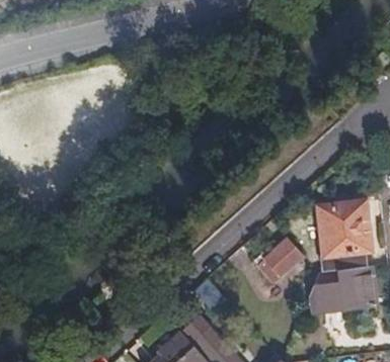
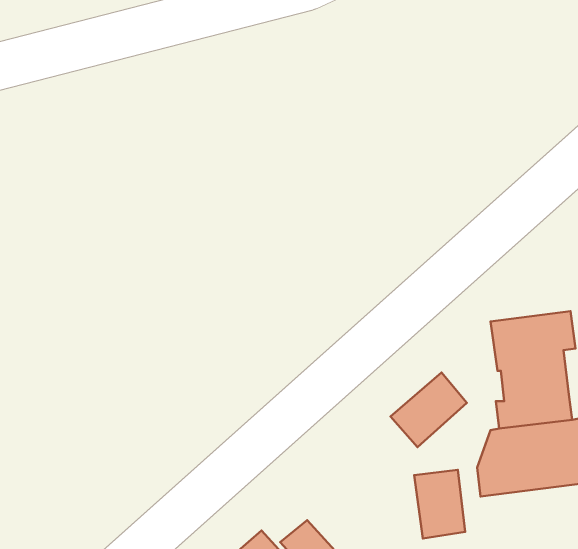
building: none -> [414,470,465,538]

